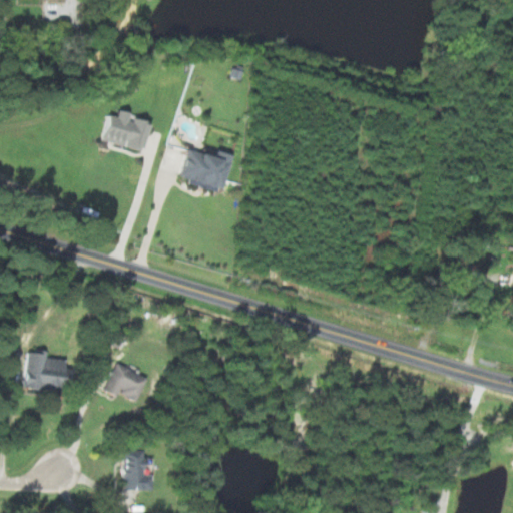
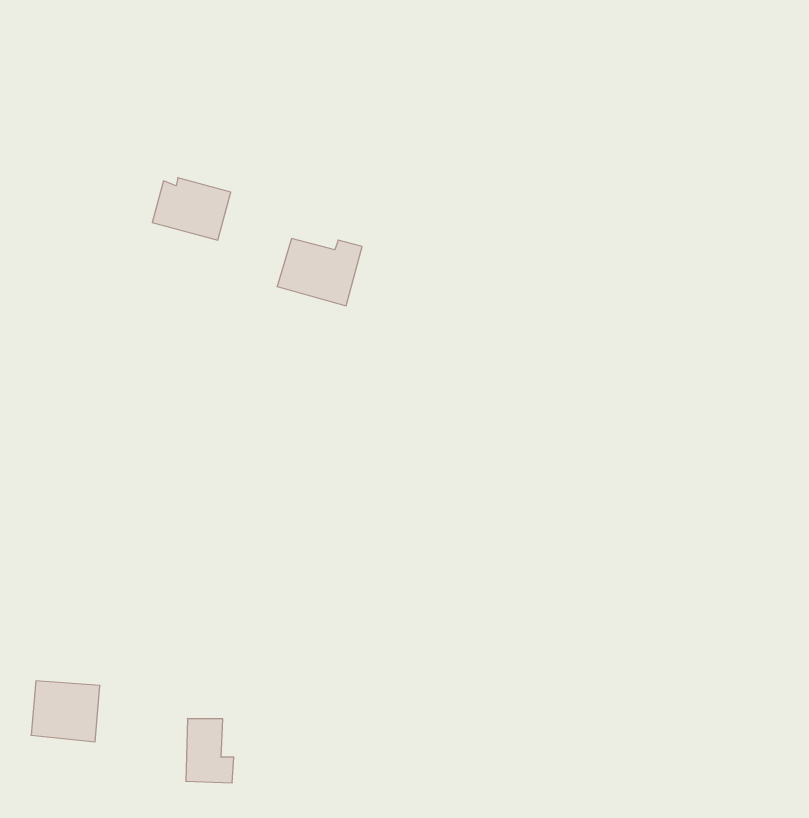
building: [24,353,67,391] -> [31,681,100,742]
building: [104,363,148,401] -> none

